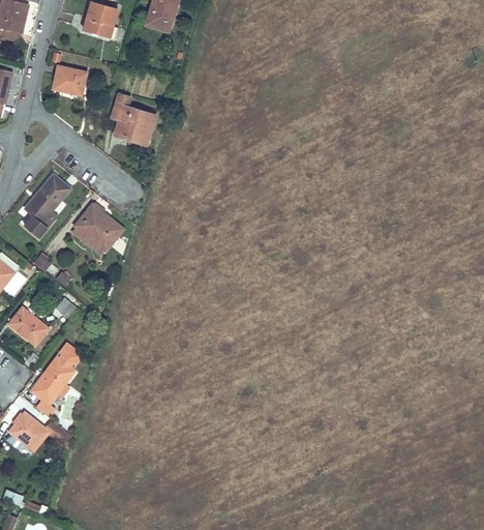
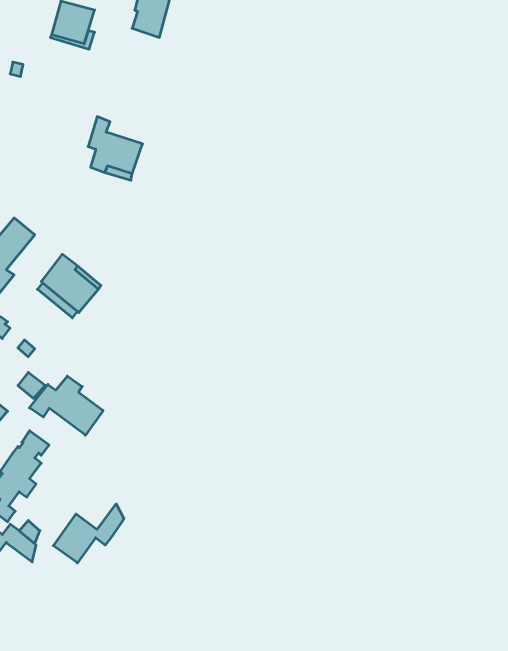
building: [52,65,86,93] -> none
building: none -> [29,376,103,435]
building: none -> [53,504,124,563]

